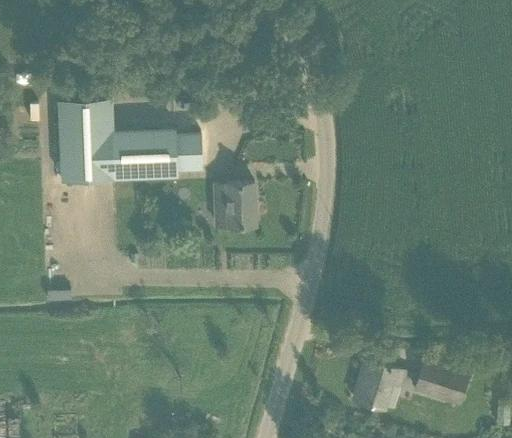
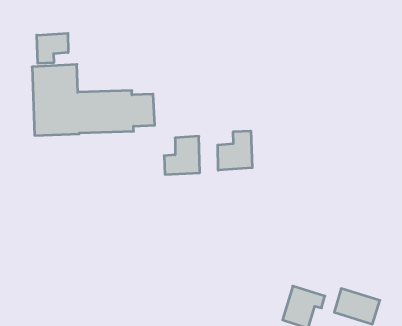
building: none -> [37,33,68,63]
building: none -> [218,131,252,170]

